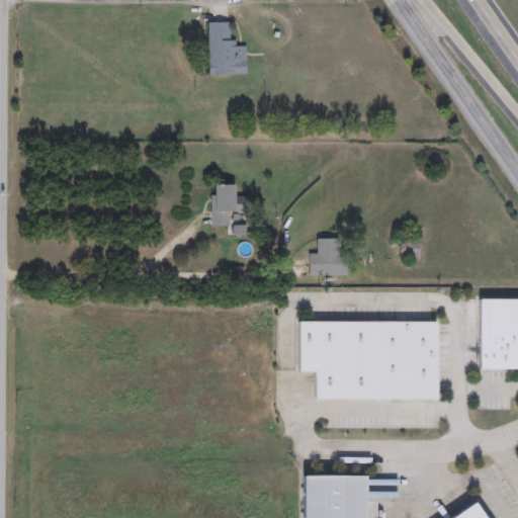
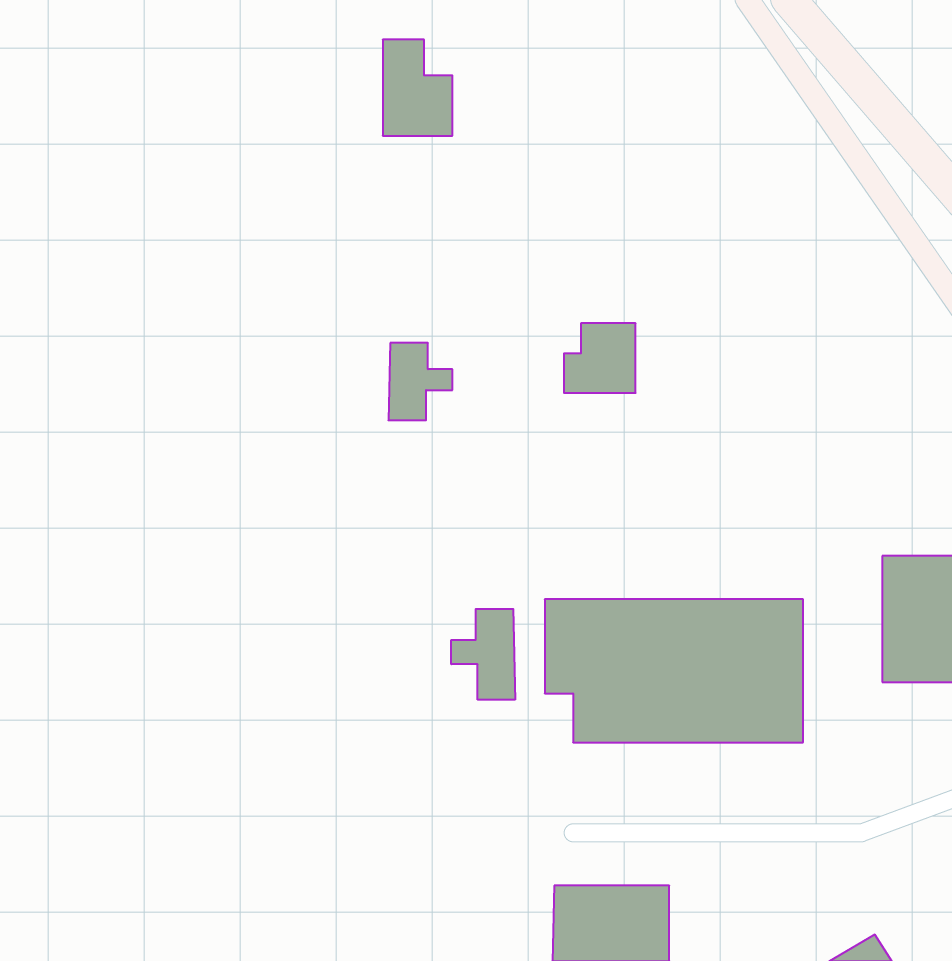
building: [311,238,349,275] -> [564,323,636,393]
building: none -> [451,609,515,700]

